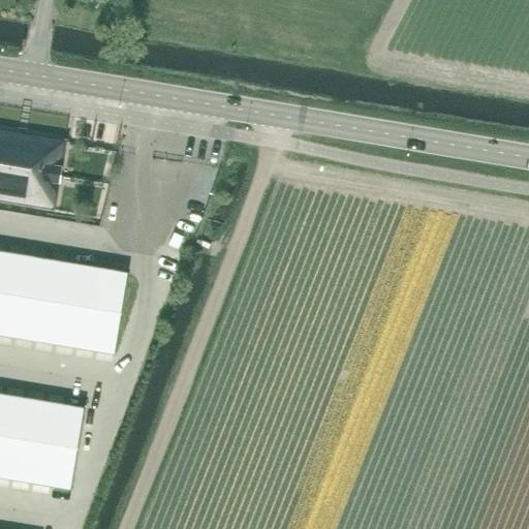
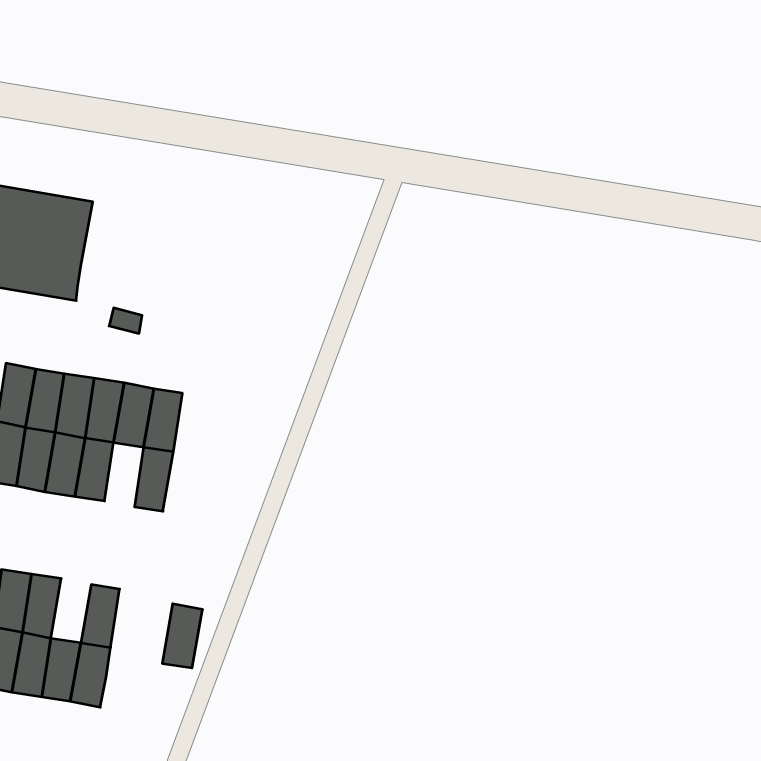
building: [72,306,99,350] -> none
building: [35,400,63,444] -> [162,604,203,668]

